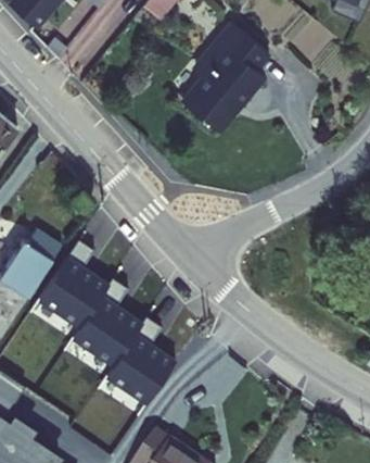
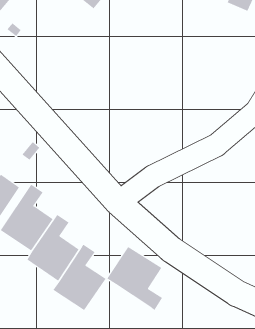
building: [186,21,273,132] -> none
building: none -> [106,246,163,311]

